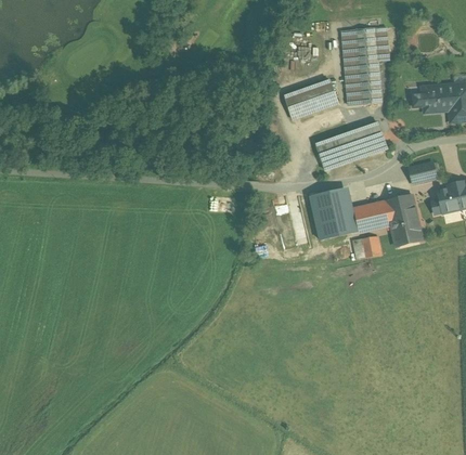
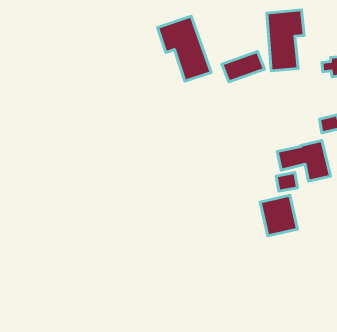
building: none -> [157,16,211,81]
building: [316,120,387,168] -> none
building: [310,186,358,238] -> [260,195,297,236]

